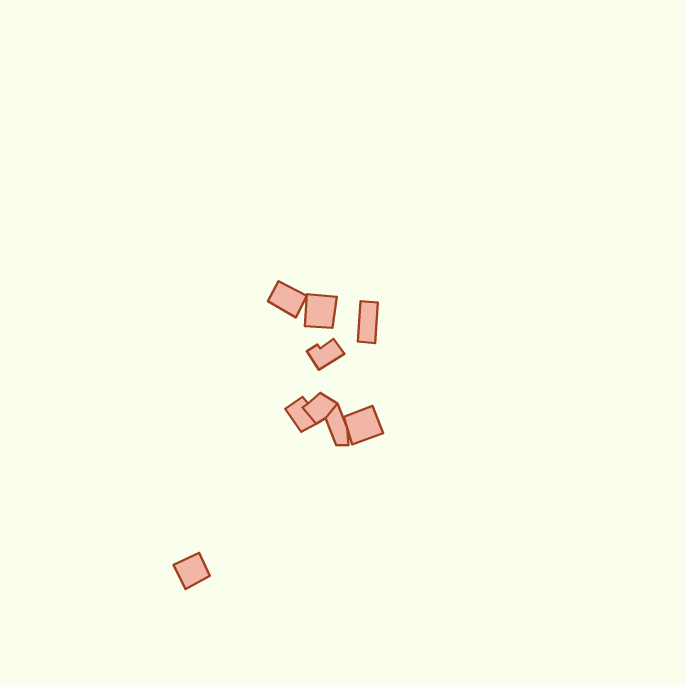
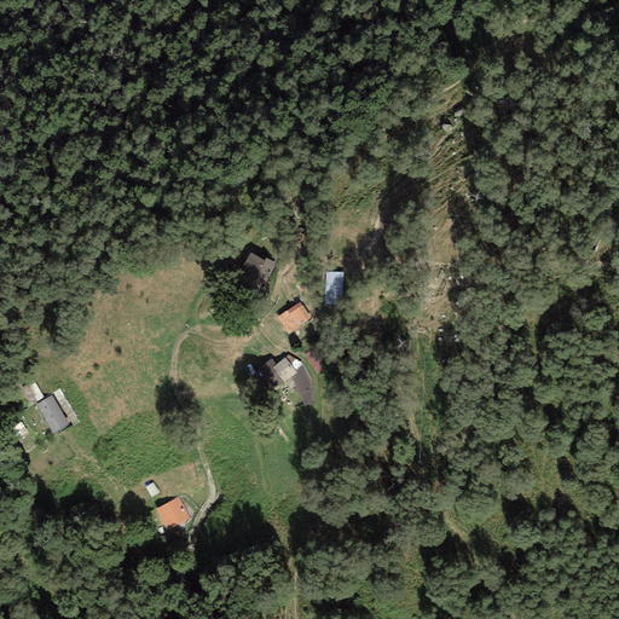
building: [305,294,337,328] -> none
building: [344,406,383,445] -> none
building: none -> [35,395,66,433]

